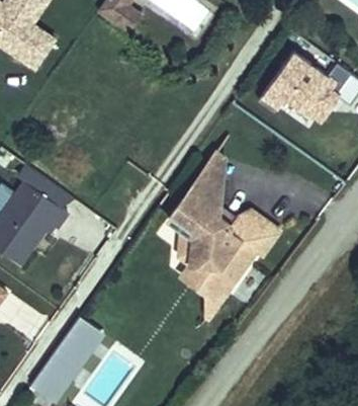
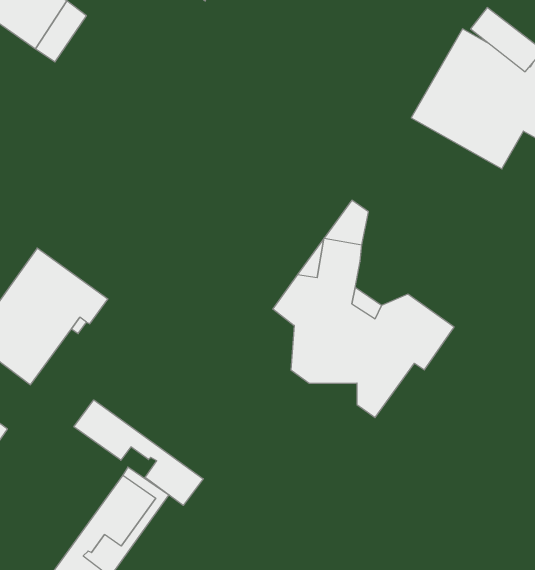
building: [181,264,232,317] -> none
building: none -> [74,400,203,505]

